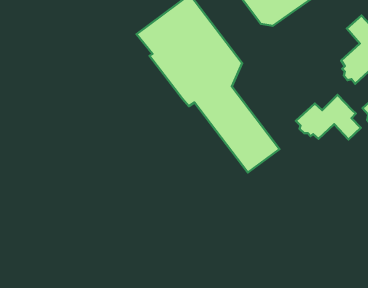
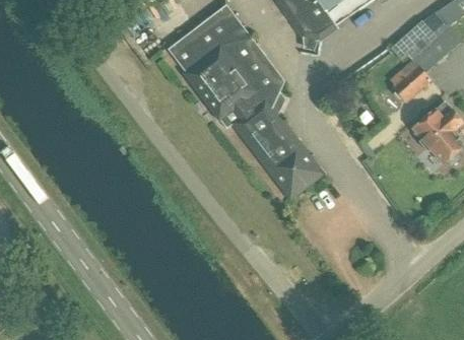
building: [296,95,361,140] -> none

